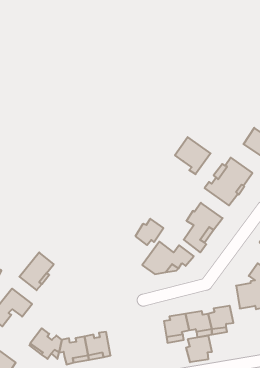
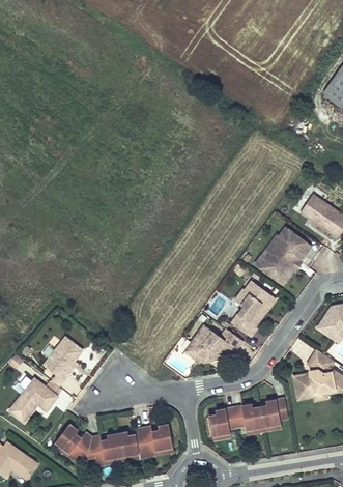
building: [175,137,211,174] -> none
building: [136,219,163,245] -> none
building: none -> [143,424,173,455]
building: [186,335,212,362] -> none

